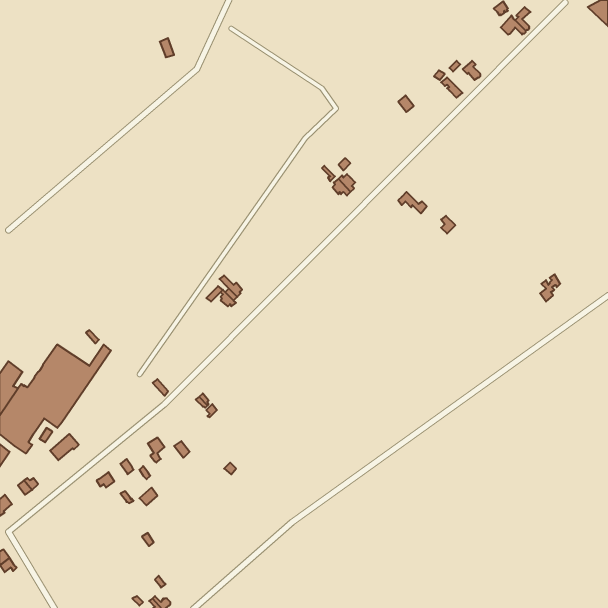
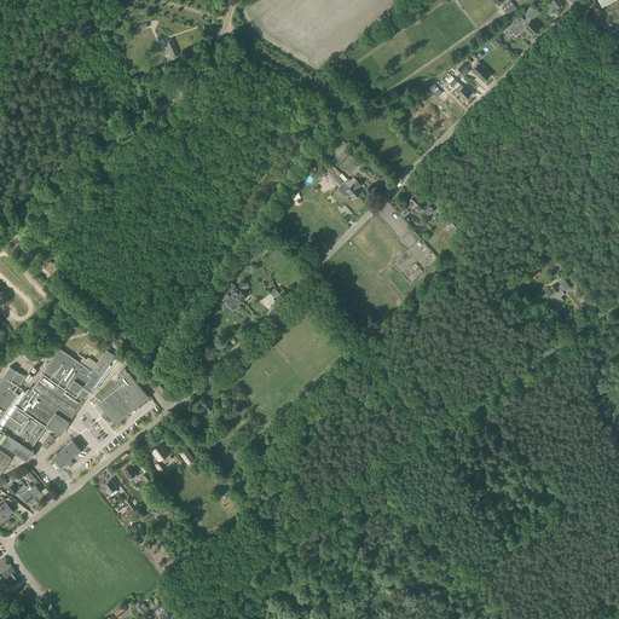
building: none -> [94,369,146,424]

